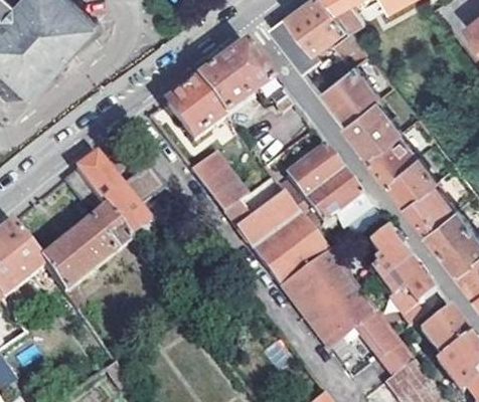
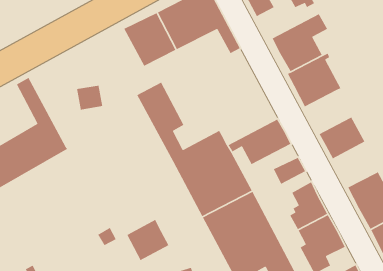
building: [368,130,418,178] -> none
building: [286,145,342,205] -> none
building: [76,155,147,235] -> none
building: [407,178,454,228] -> none
building: none -> [126,219,170,261]

